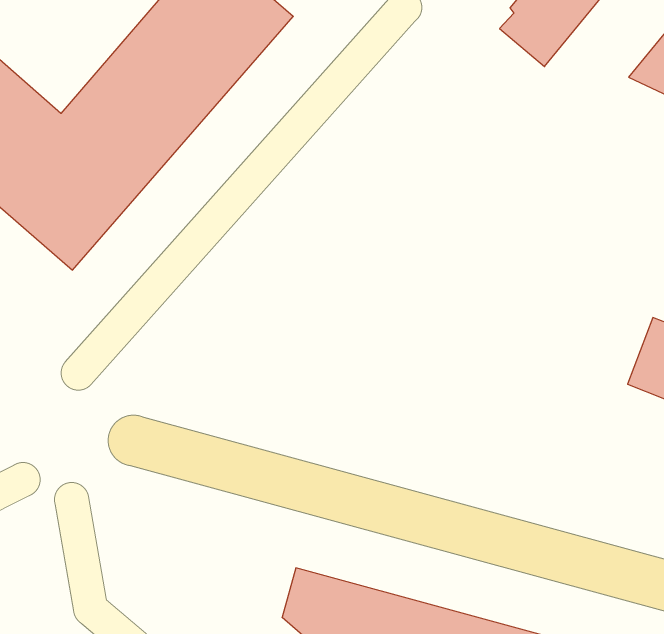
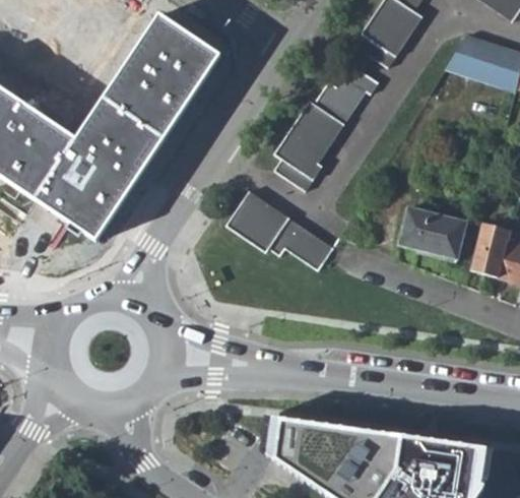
building: none -> [273,67,379,191]
building: none -> [226,190,333,270]
building: none -> [399,206,466,259]

